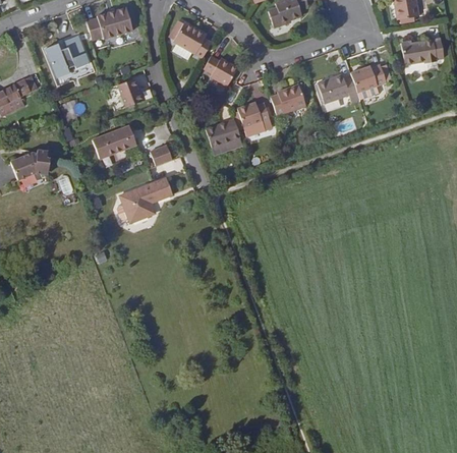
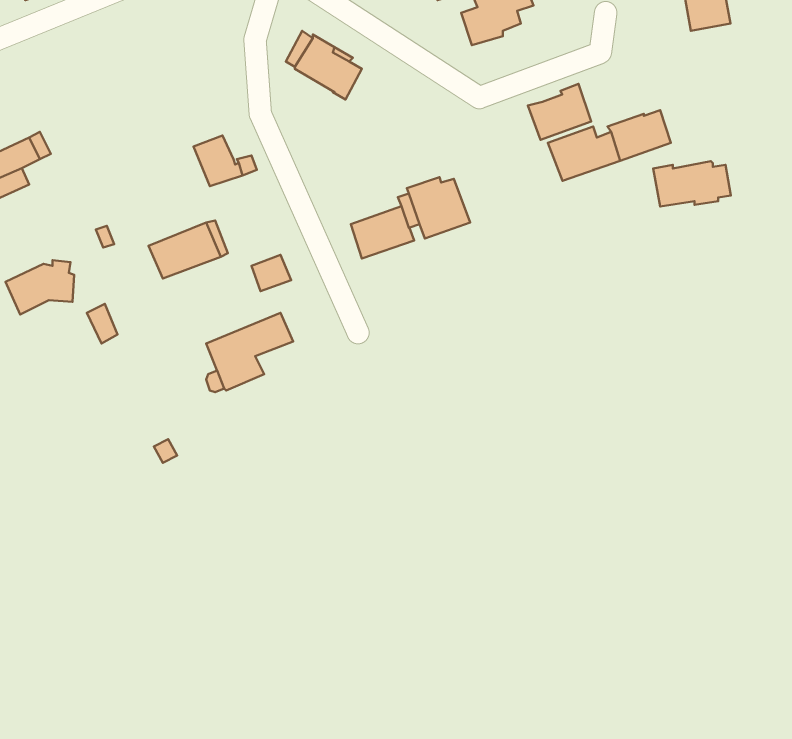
building: [87,8,133,41] -> none
building: [46,34,92,77] -> none
building: [400,39,444,64] -> [653,161,731,206]
building: [204,55,238,86] -> none
building: [270,83,305,115] -> [528,84,591,140]

